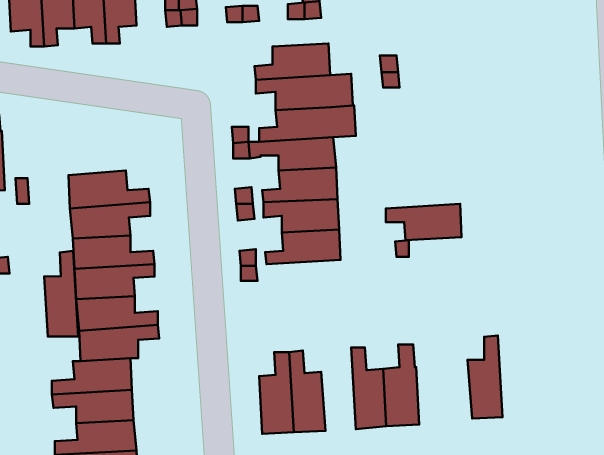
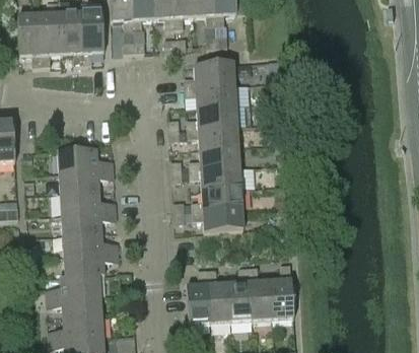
building: [386,204,462,240] -> [191,206,241,230]
building: [44,251,78,337] -> none
building: [468,335,502,419] -> [227,265,251,321]

